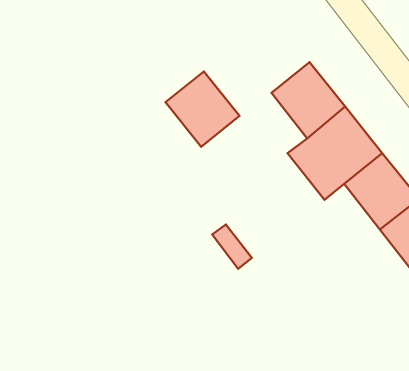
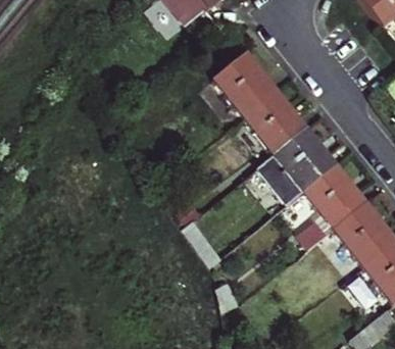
building: [166,72,239,147] -> [213,52,275,114]

